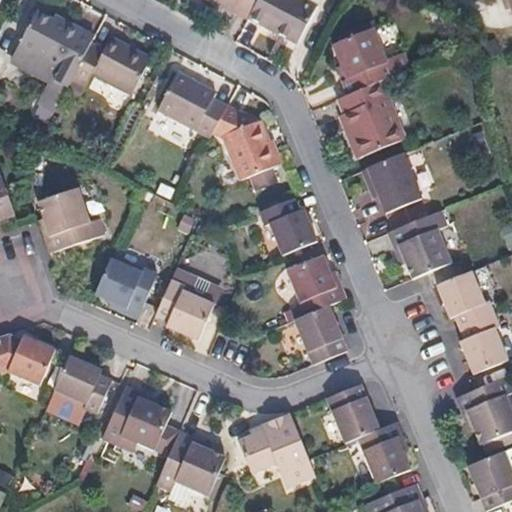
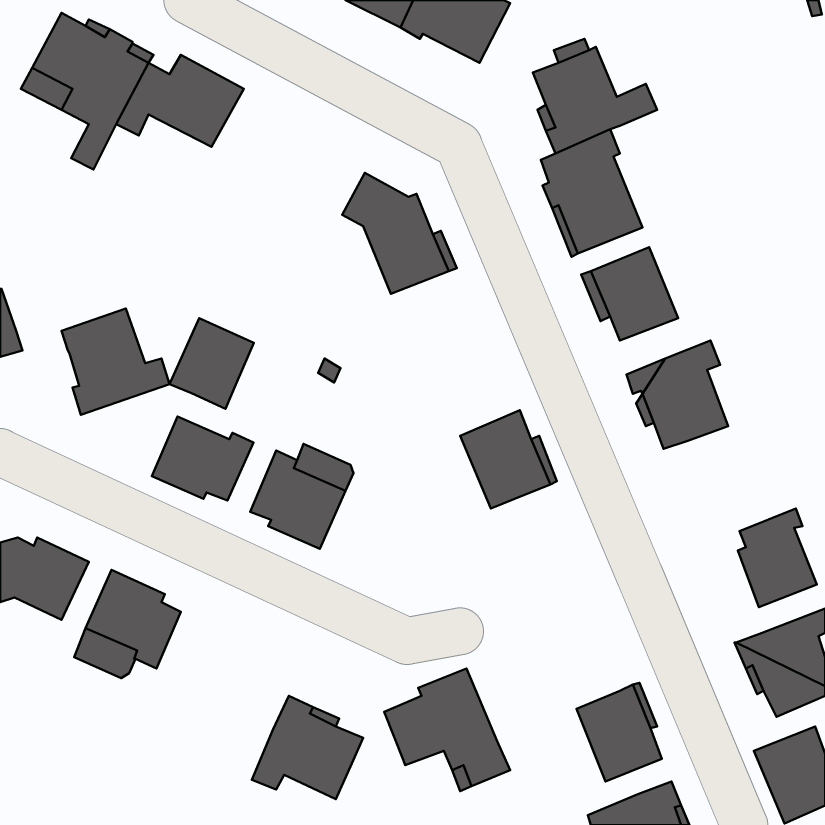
building: [158,69,227,135] -> none
building: [259,197,317,255] -> none
building: none -> [170,318,254,409]
building: [436,272,493,329] -> none
building: [293,306,346,366] -> none
building: [326,384,379,444] -> none
building: [102,385,185,452] -> none

